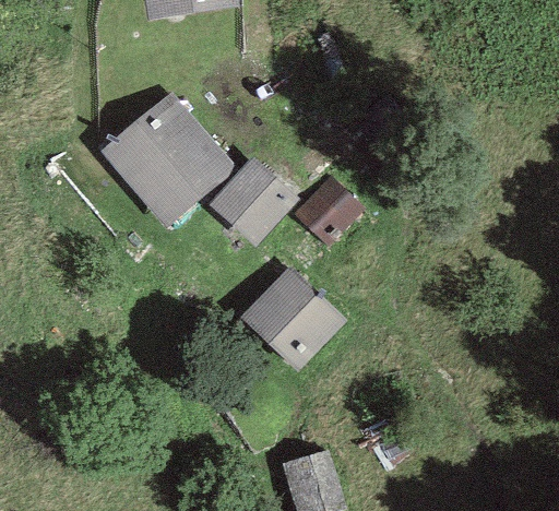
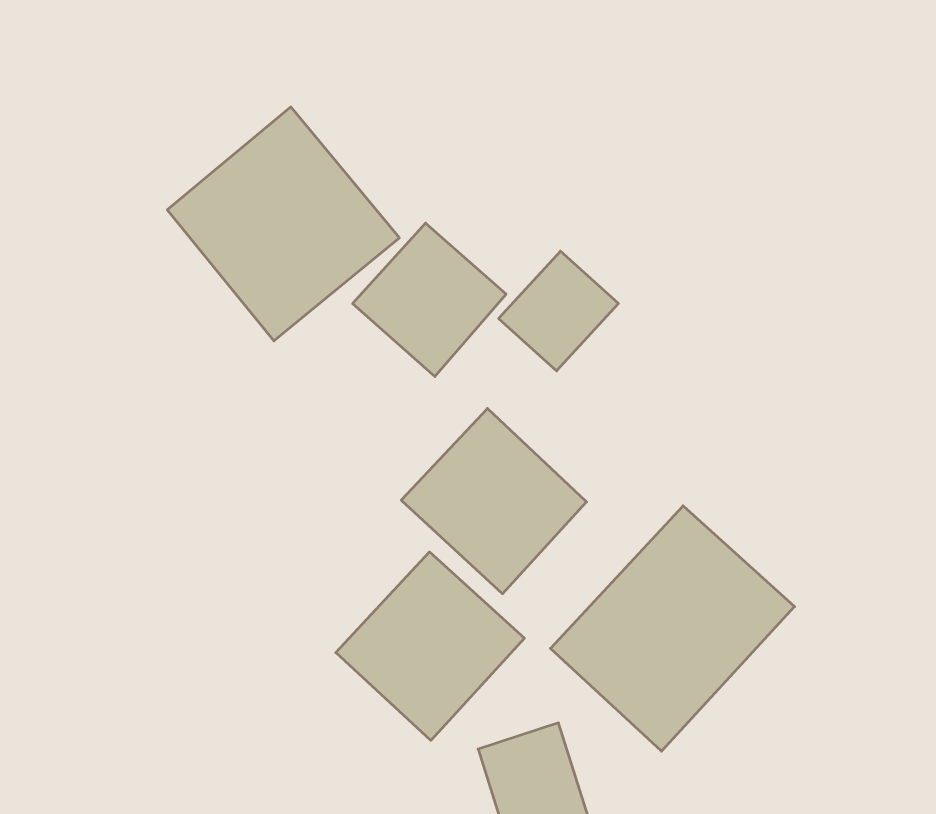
building: none -> [550,506,795,751]
building: none -> [336,552,524,740]

